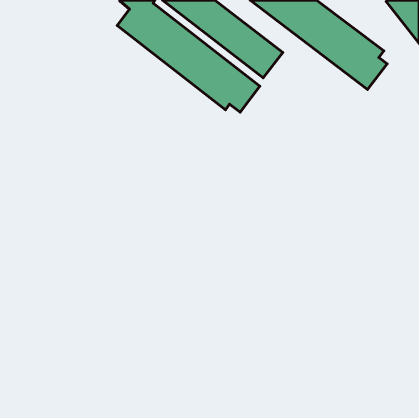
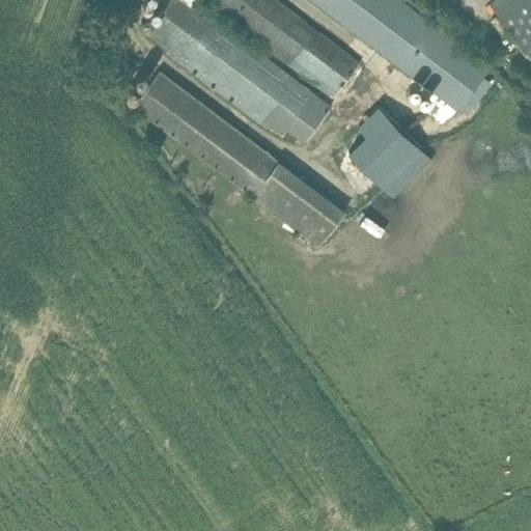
building: none -> [133,71,344,247]
building: none -> [353,102,436,195]

